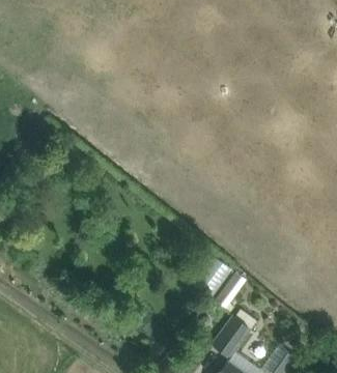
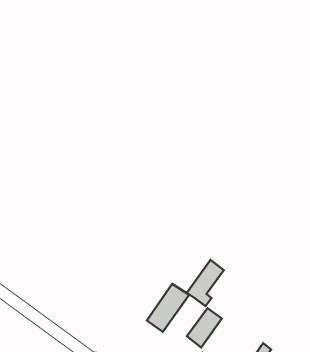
building: none -> [147,284,189,332]

